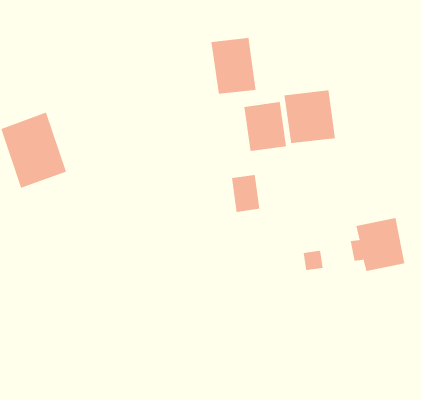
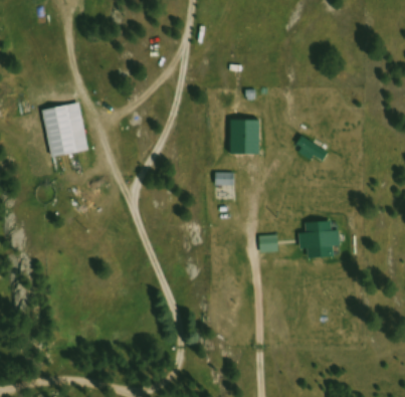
building: [211,37,256,95] -> none
building: [284,90,336,144] -> none

